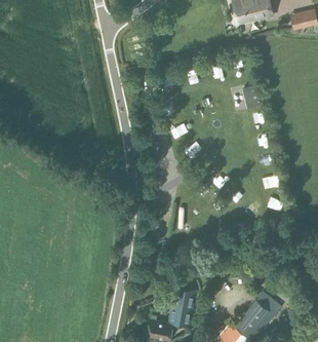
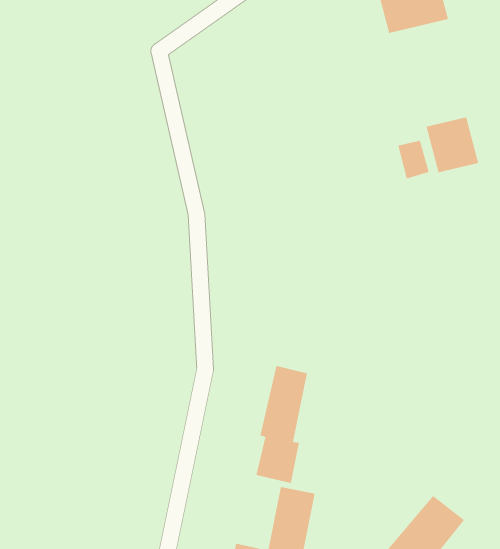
building: none -> [426,116,479,173]
building: none -> [256,365,307,484]

